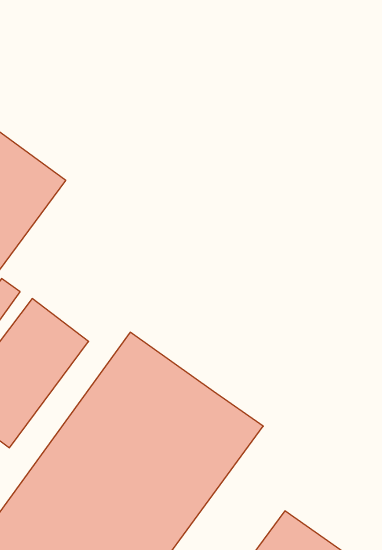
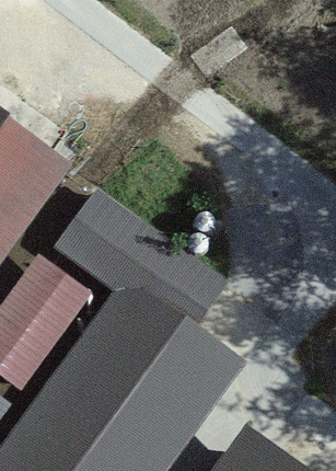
building: none -> [55,193,221,338]

